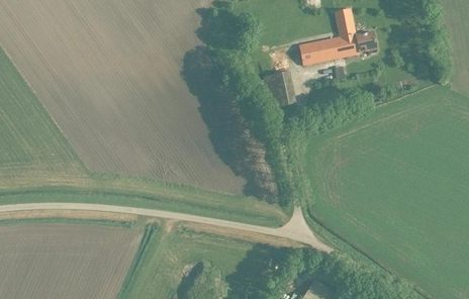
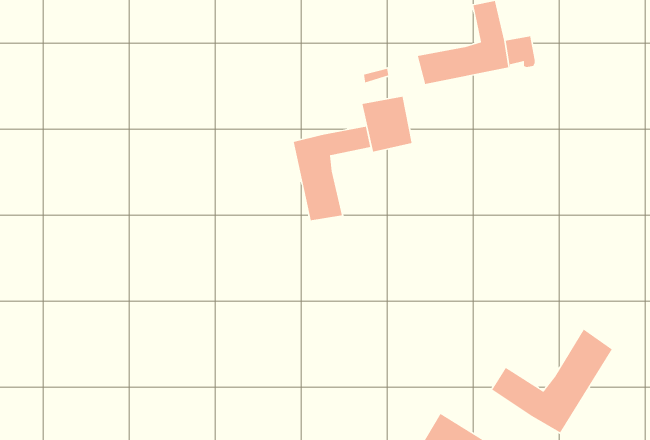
building: none -> [293,126,371,221]
building: none -> [491,329,613,433]

